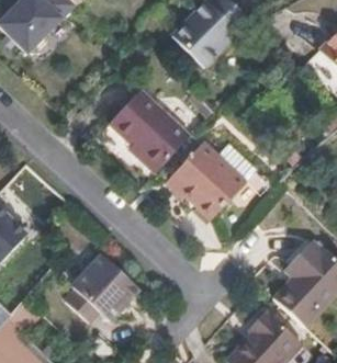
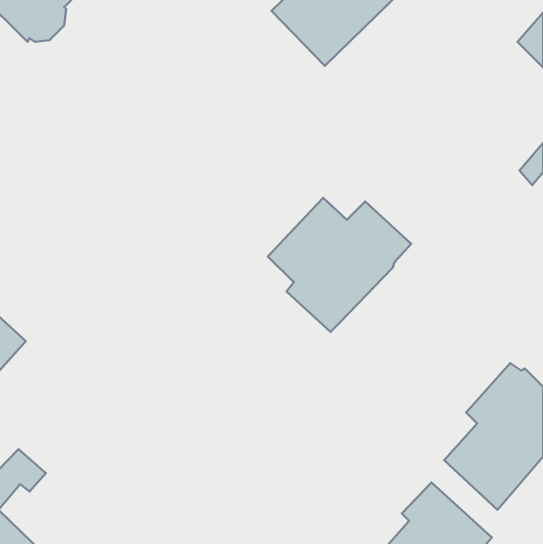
building: [111,91,191,177] -> none
building: [65,250,136,317] -> none

